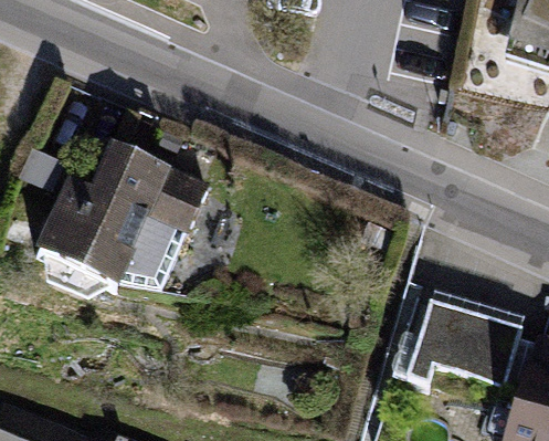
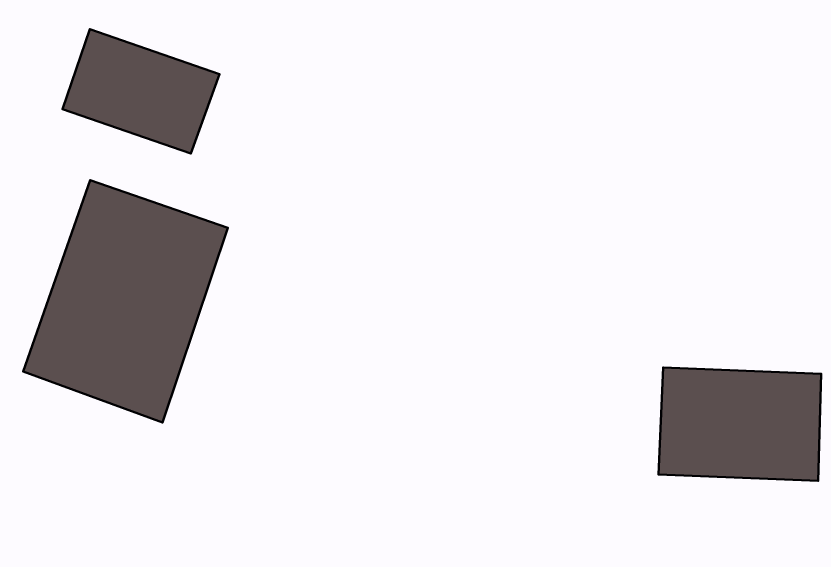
building: none -> [63,29,220,154]

